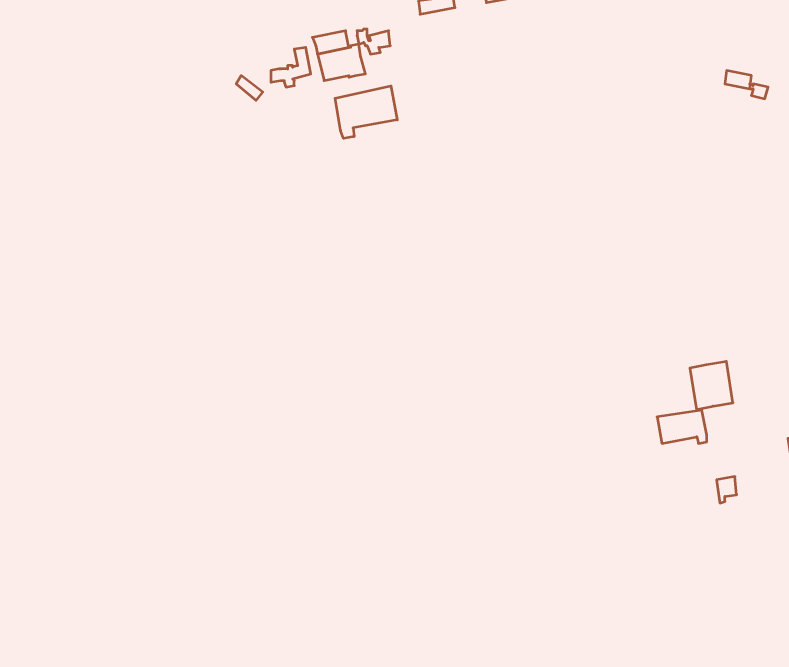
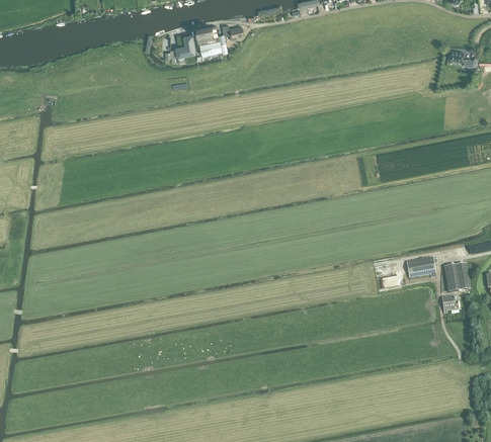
building: [335,86,397,138] -> none
building: [690,361,733,409] -> [444,263,471,292]

